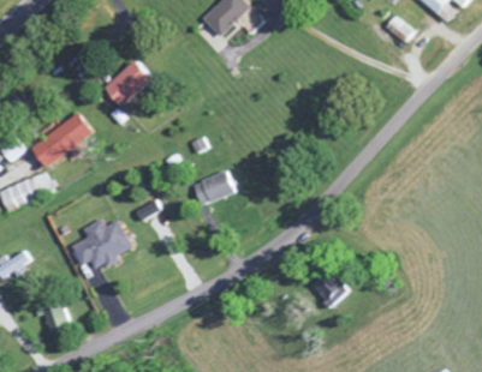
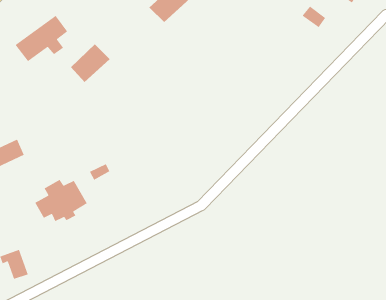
building: [37,113,100,168] -> [14,15,68,62]
building: [191,169,234,206] -> none
building: [309,269,346,306] -> none

